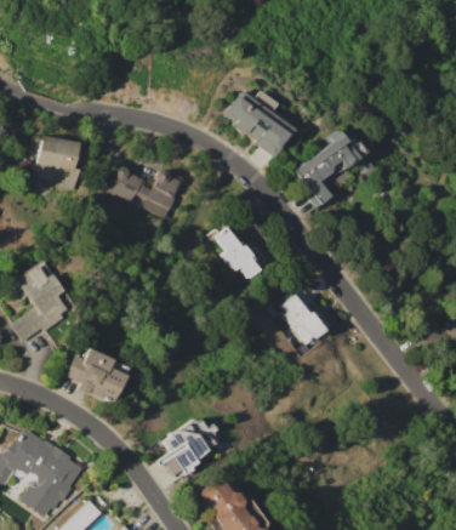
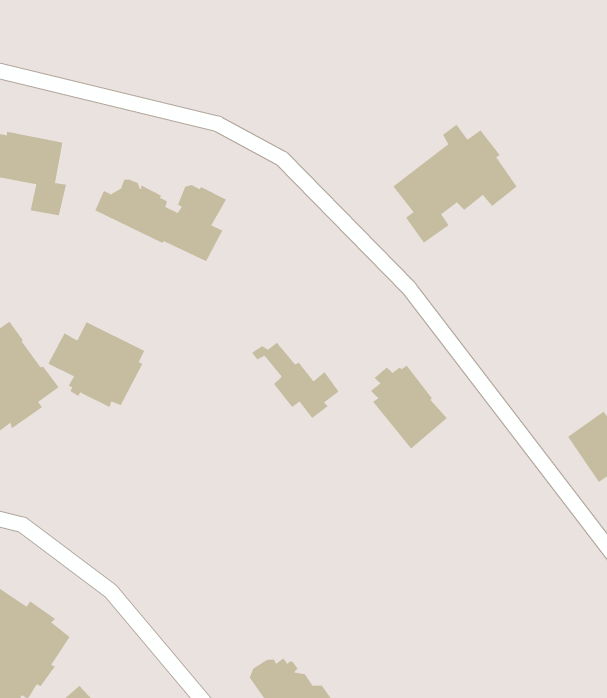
building: [223,89,296,158] -> none
building: [207,227,266,278] -> [251,342,340,419]
building: [63,347,127,404] -> [48,321,145,408]
building: [156,418,218,474] -> none

